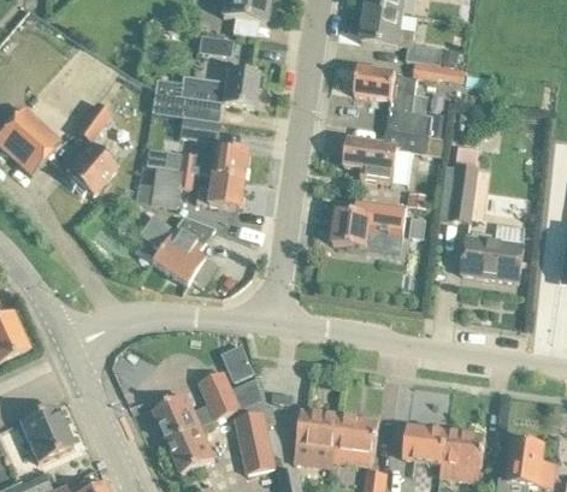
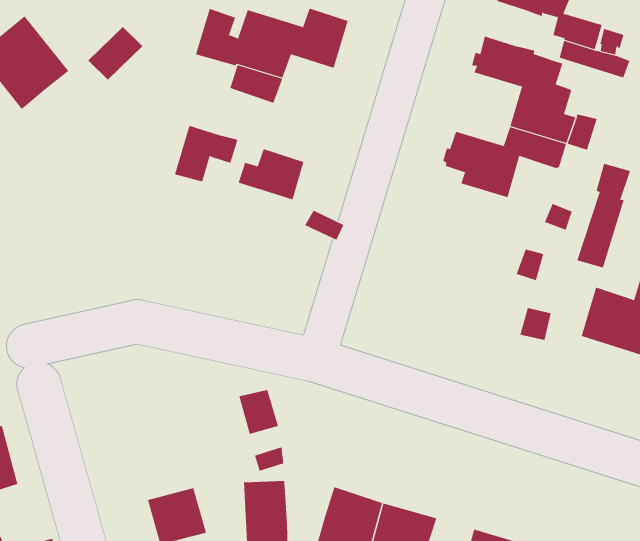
building: [65,142,117,195] -> none
building: [178,143,247,178] -> none
building: [332,197,407,249] -> none
building: [138,213,217,285] -> none
building: [197,369,241,419] -> none
building: [154,395,200,440] -> none

